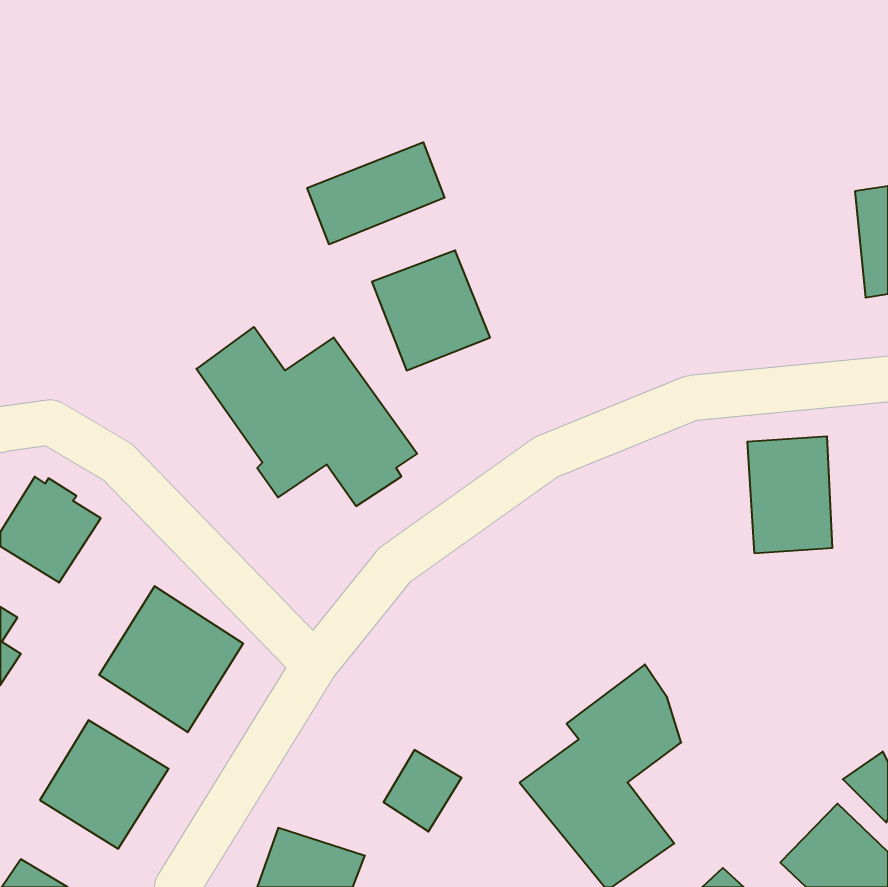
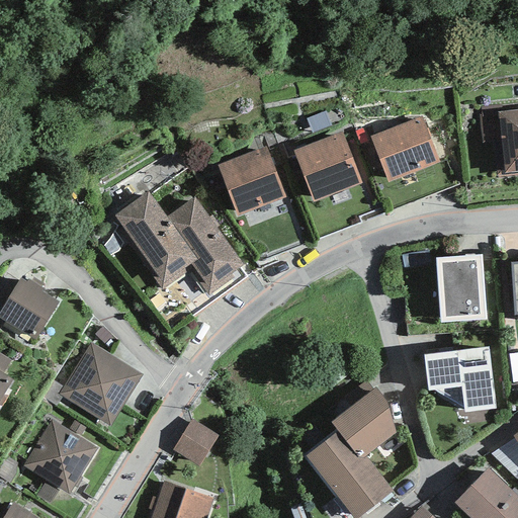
building: [307,142,445,244] -> none
building: none -> [369,116,439,181]
building: none -> [292,131,361,201]
building: none -> [423,346,496,412]
building: [383,750,462,832] -> [173,418,219,465]

